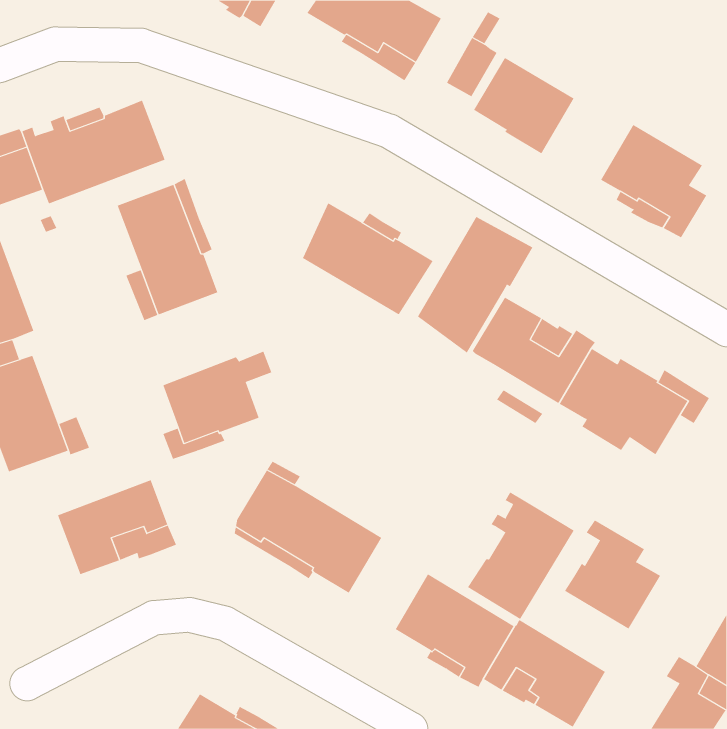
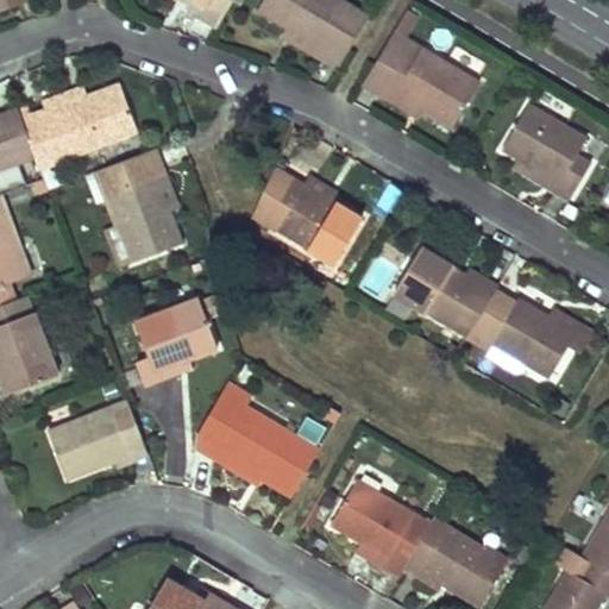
building: none -> [363,44,422,117]
building: [417,216,533,354] -> none
building: [467,492,574,620] -> none
building: [564,519,661,630] -> none

